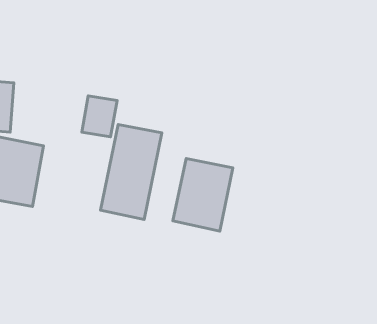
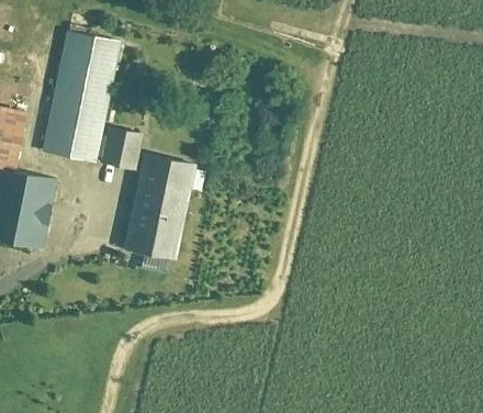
building: none -> [50,35,112,157]
building: [173,159,233,231] -> none

